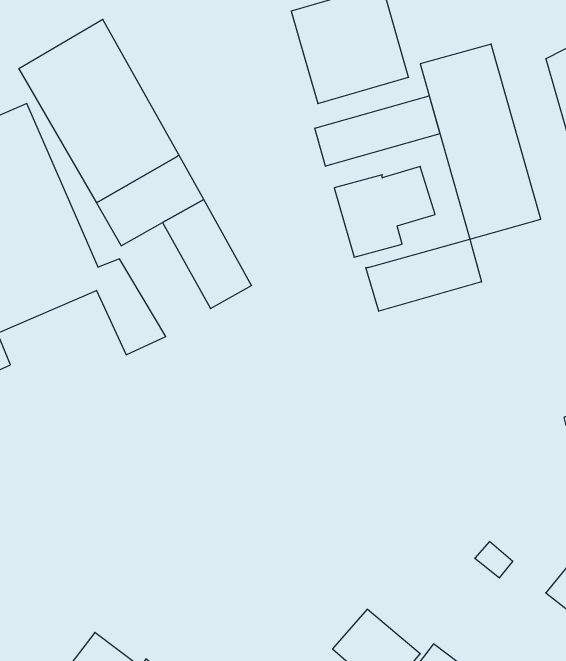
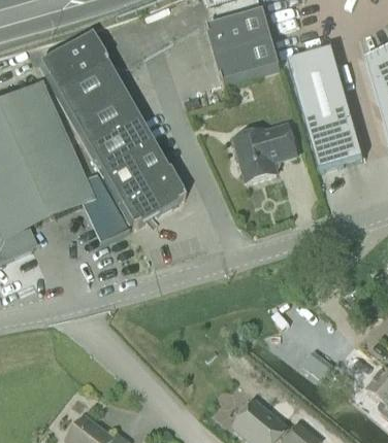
building: [315,96,440,166] -> none
building: none -> [101,159,157,227]
building: [366,239,482,311] -> none

